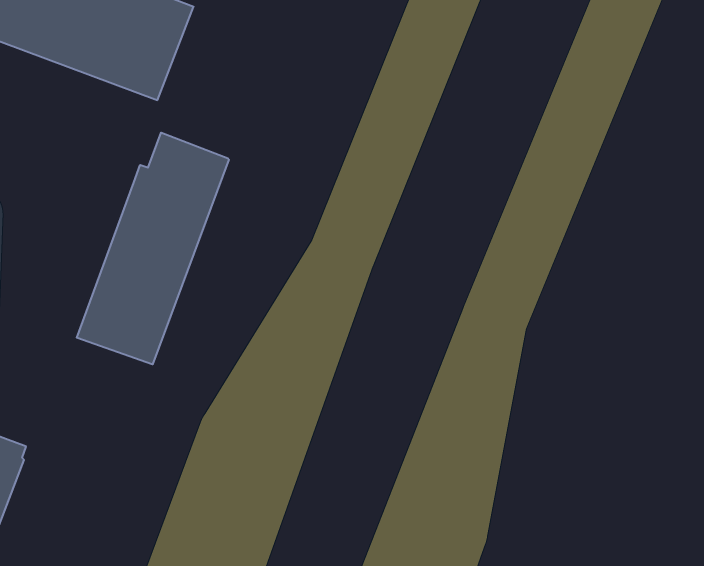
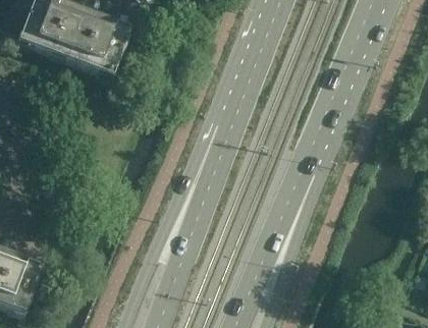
building: [77,133,229,364] -> none

